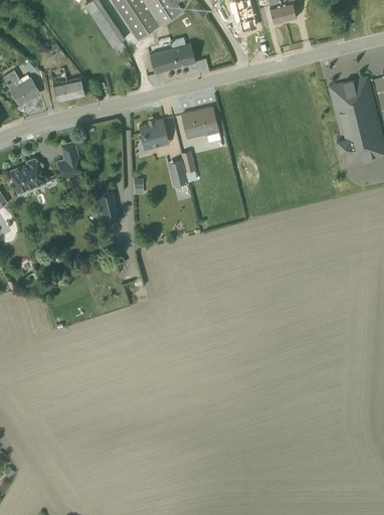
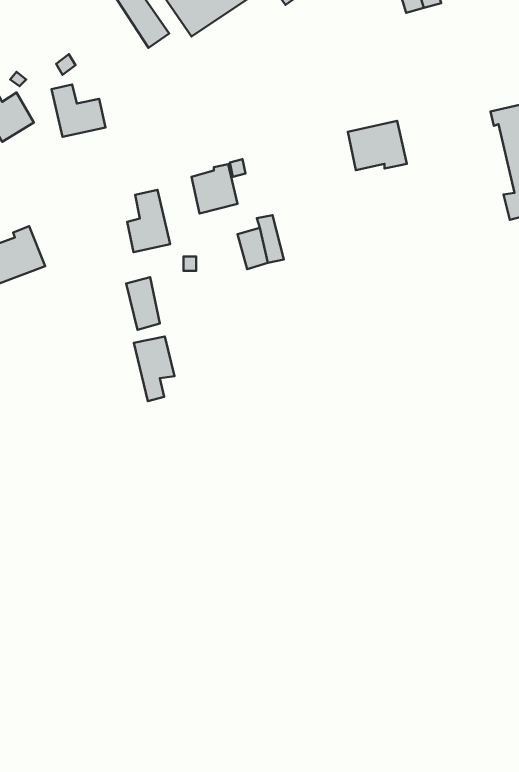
building: [150,43,195,72] -> none
building: [181,108,218,139] -> [348,121,407,170]
building: [56,141,83,180] -> [127,190,170,252]
building: none -> [134,336,174,401]

